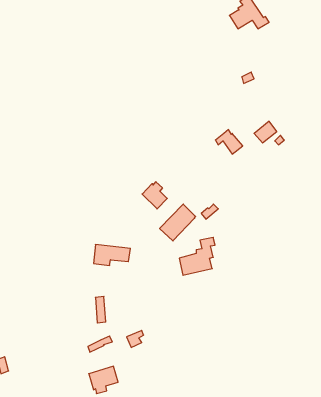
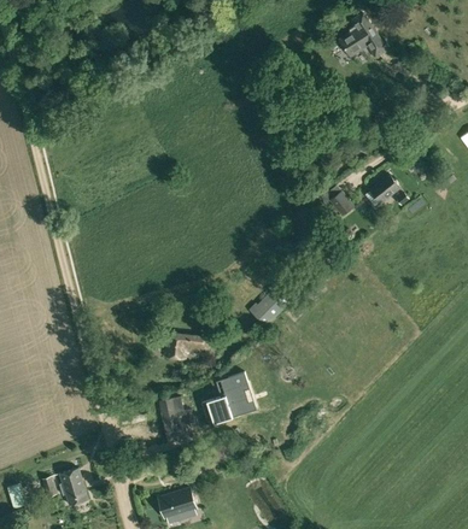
building: [142,182,167,209] -> none
building: [179,237,215,275] -> [200,372,246,421]
building: none -> [59,468,87,505]

